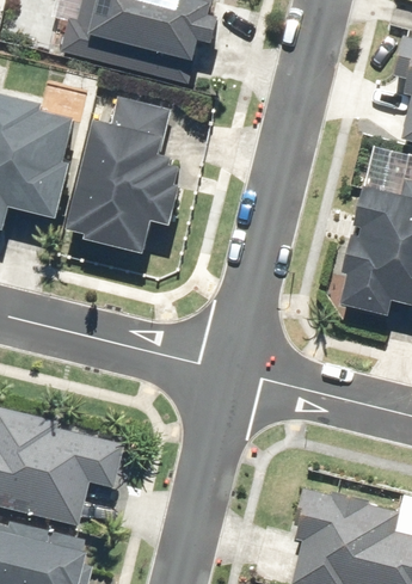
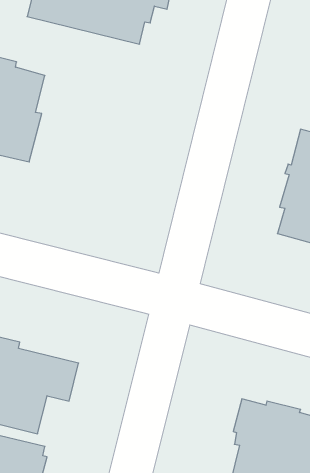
building: [69,97,183,253] -> none

